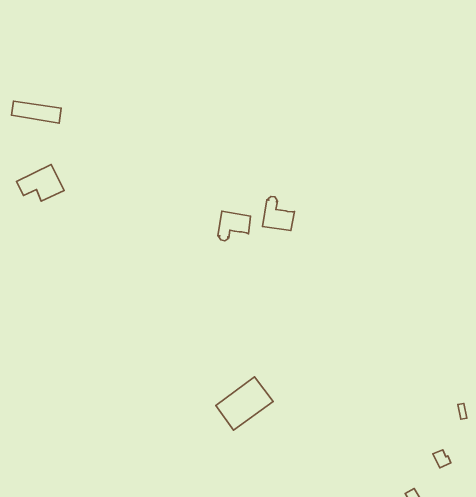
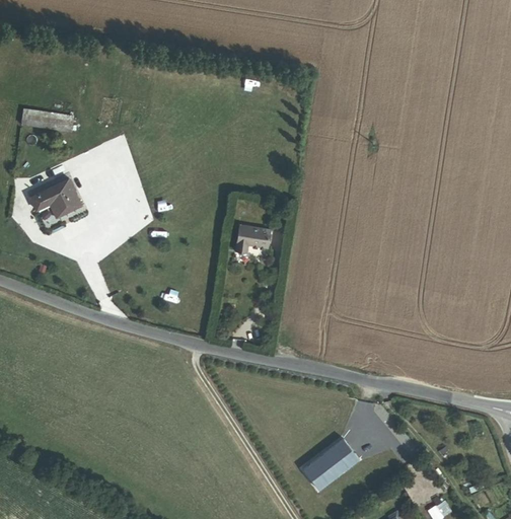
building: [263,197,295,231] -> none
building: [216,377,273,430] -> [300,439,359,494]

